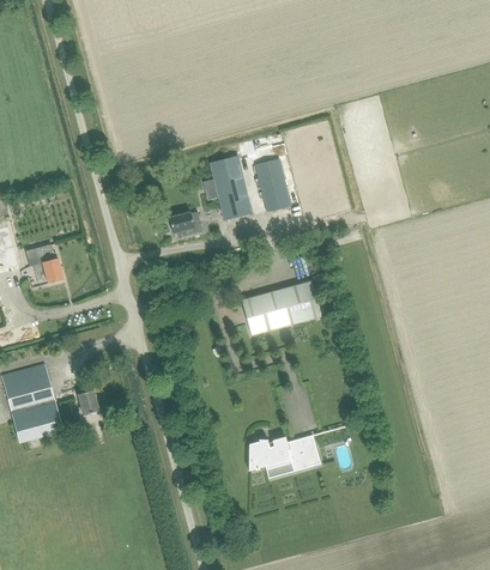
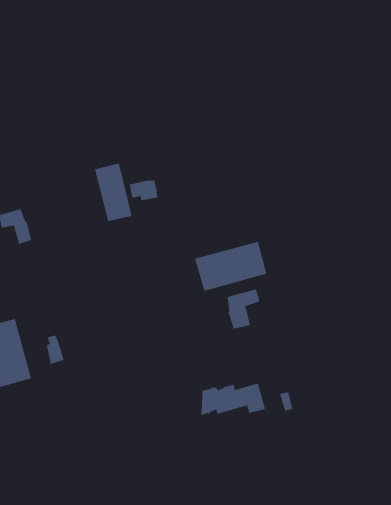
building: [210,154,252,219] -> [94,163,132,222]
building: [255,158,291,212] -> none
building: none -> [227,289,260,330]

